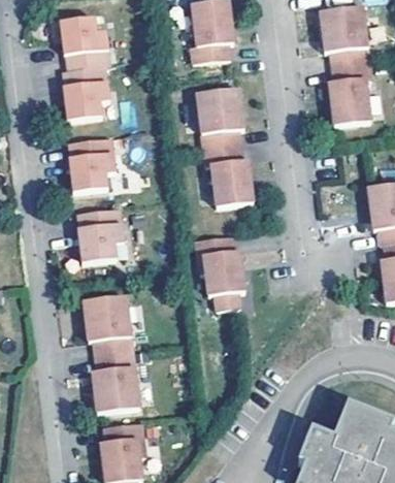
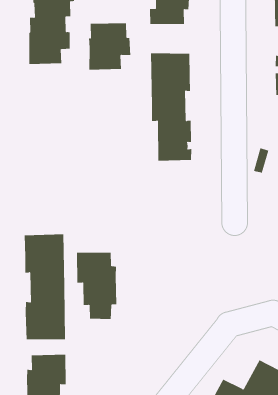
building: [69,137,117,192] -> [88,23,131,70]
building: [77,208,125,262] -> none
building: [195,236,244,310] -> [76,252,117,320]

